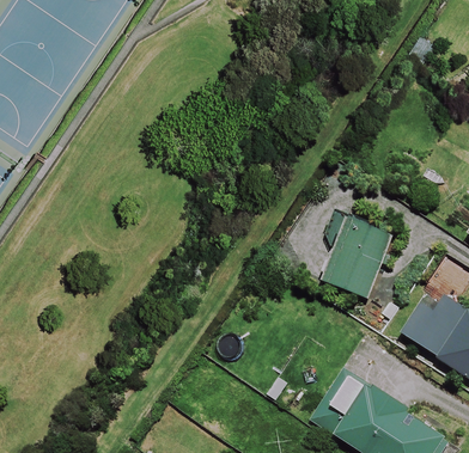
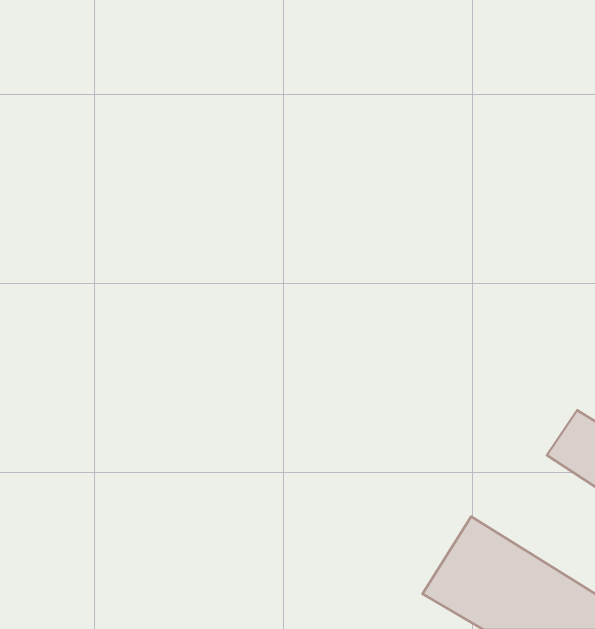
building: [319,212,385,293] -> none

